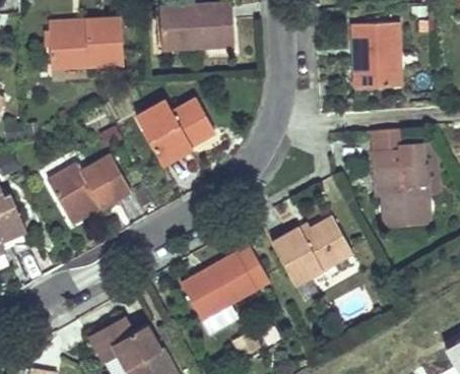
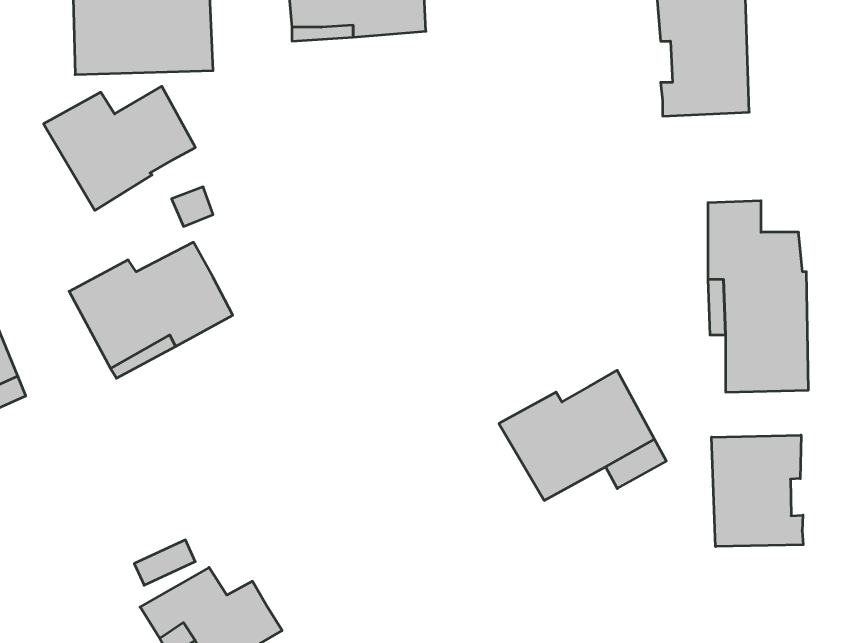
building: [136,98,214,162] -> [44,86,195,210]
building: [174,249,263,325] -> none
building: none -> [712,435,803,547]

